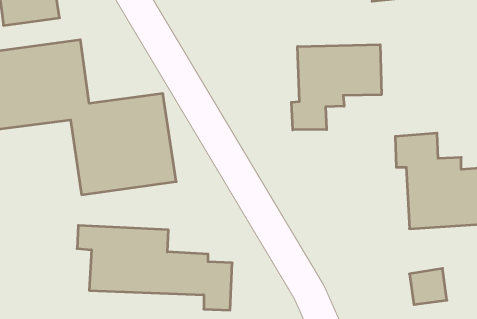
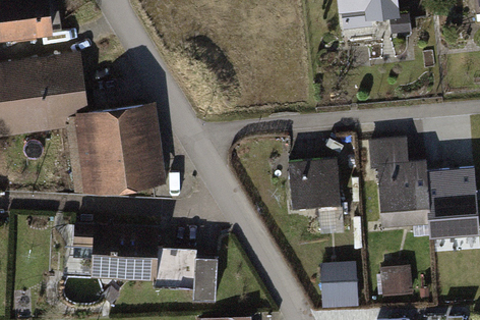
building: [291,45,381,130] -> none
building: none -> [289,163,335,207]
building: none -> [320,266,360,305]

